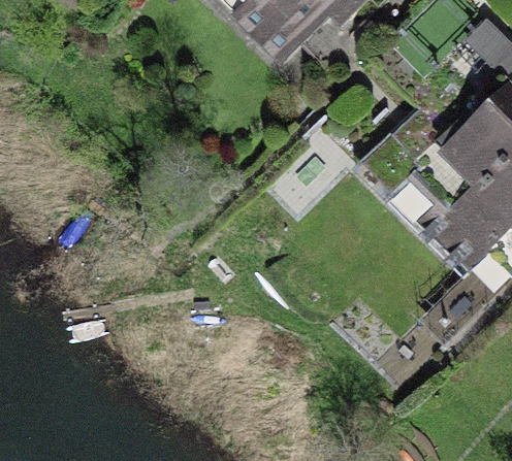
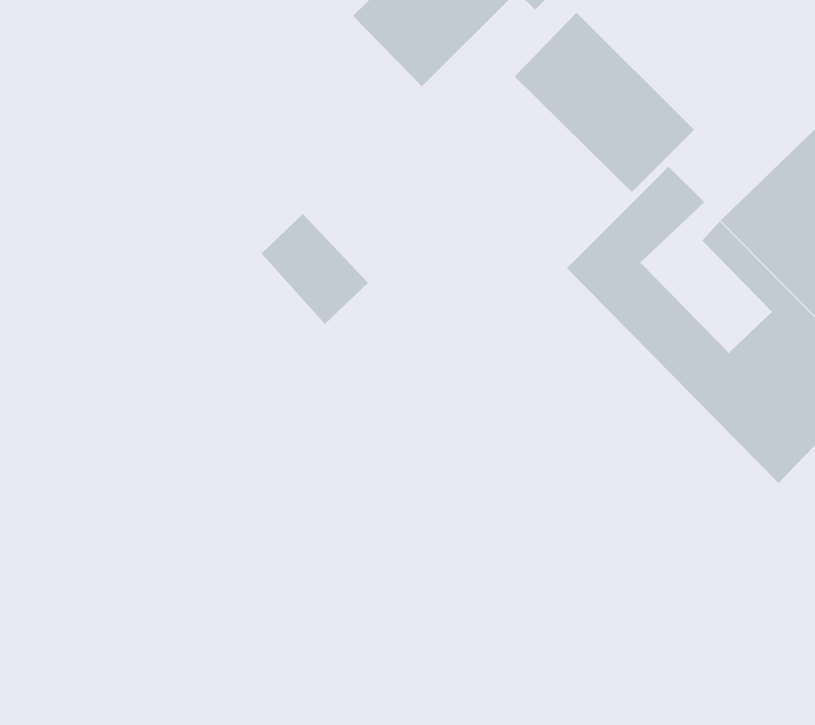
building: none -> [514,12,695,193]

